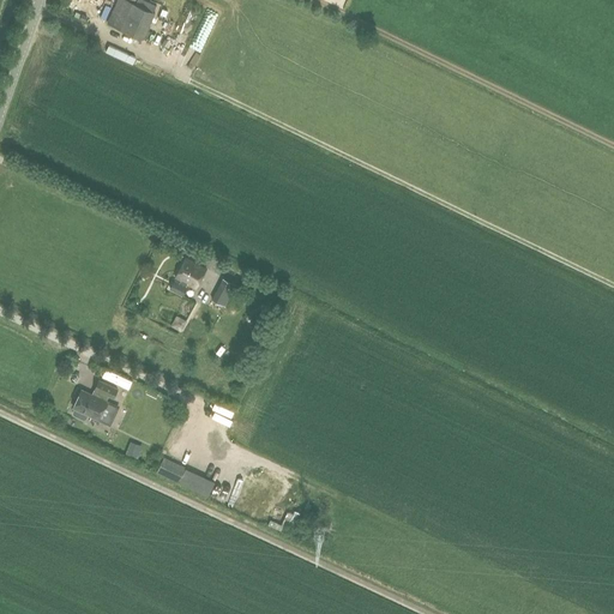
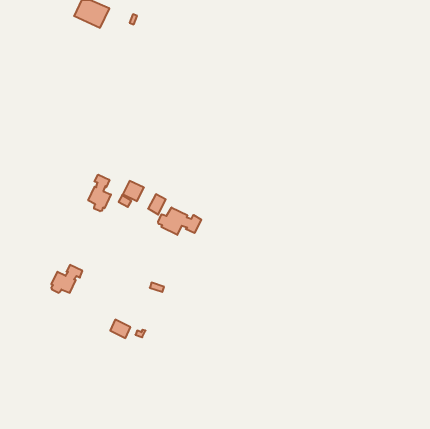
building: none -> [88,175,111,211]
building: none -> [158,207,201,235]

